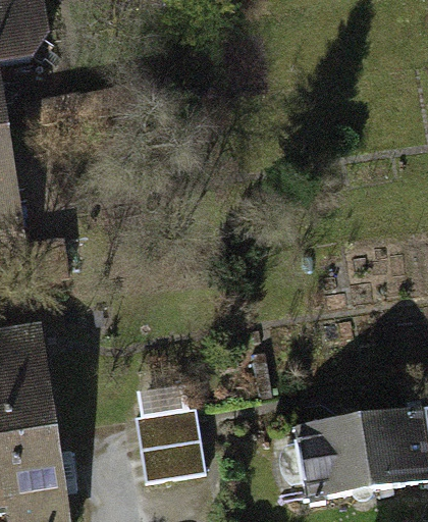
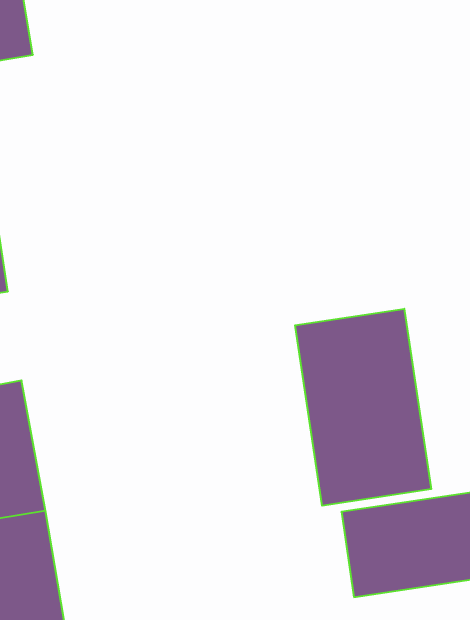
building: none -> [295,309,431,506]
building: [135,407,206,485] -> none

